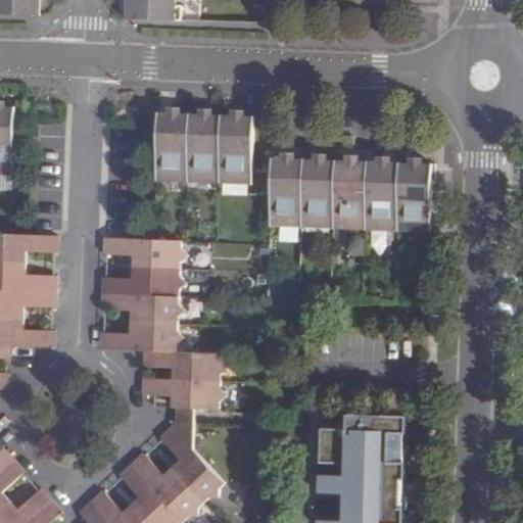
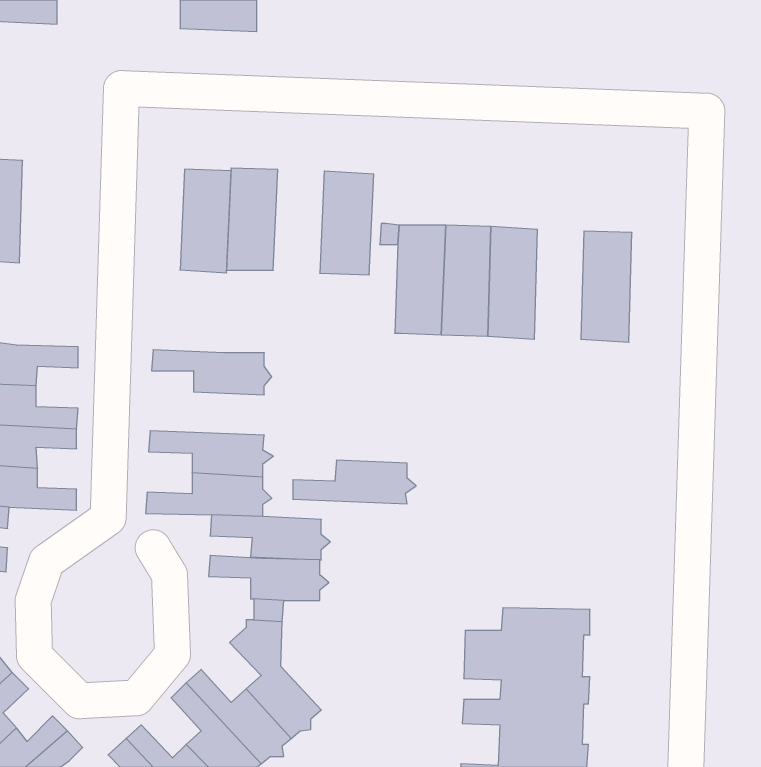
building: [186,115,221,186] -> [180,169,231,273]
building: [364,156,397,231] -> none
building: [102,267,186,296] -> [293,460,416,504]

